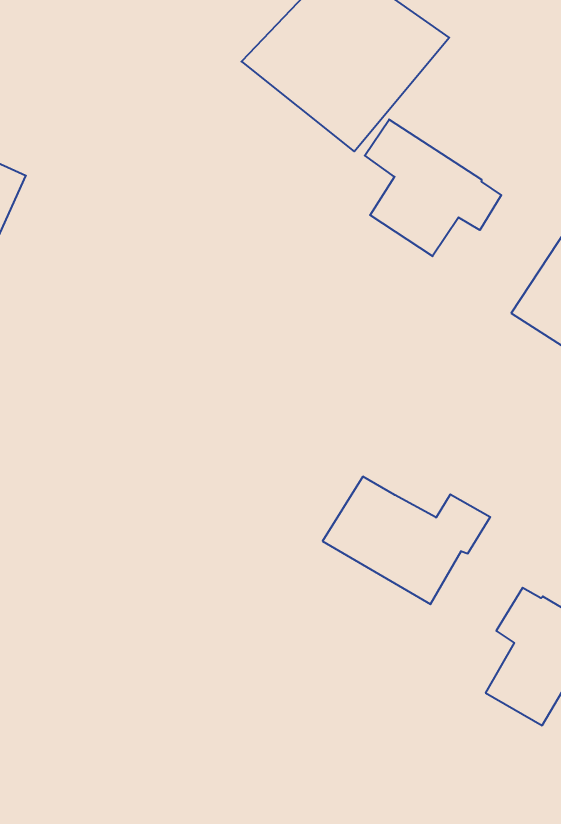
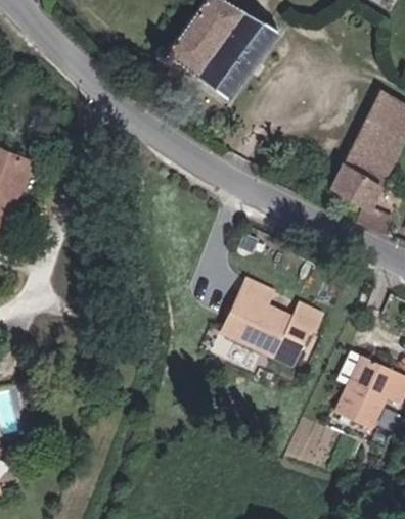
building: [365,119,501,256] -> none
building: none -> [221,276,276,335]

